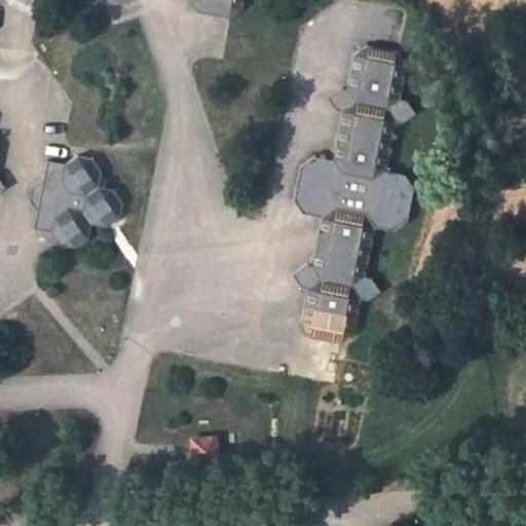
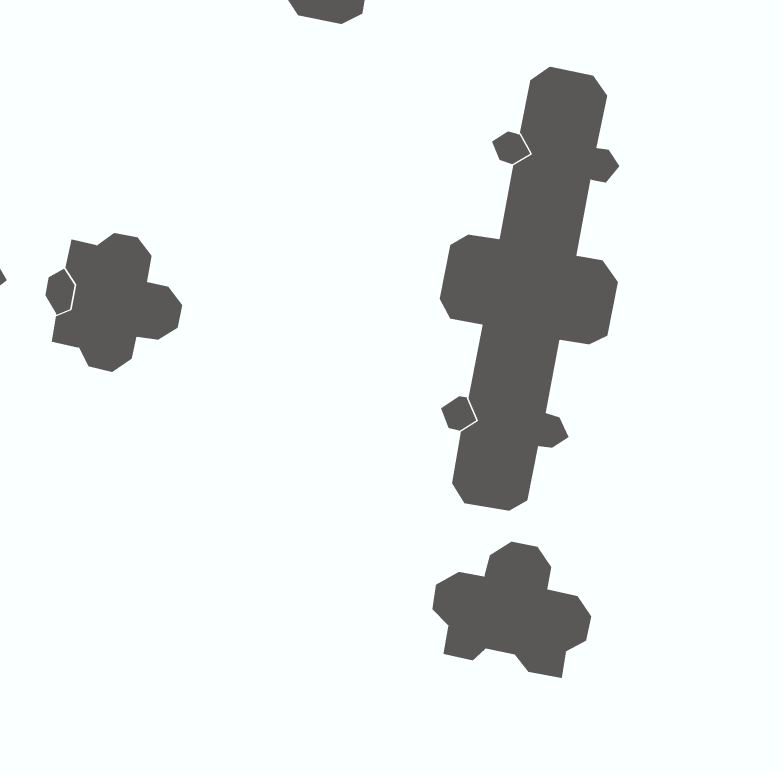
building: none -> [432,541,592,679]

